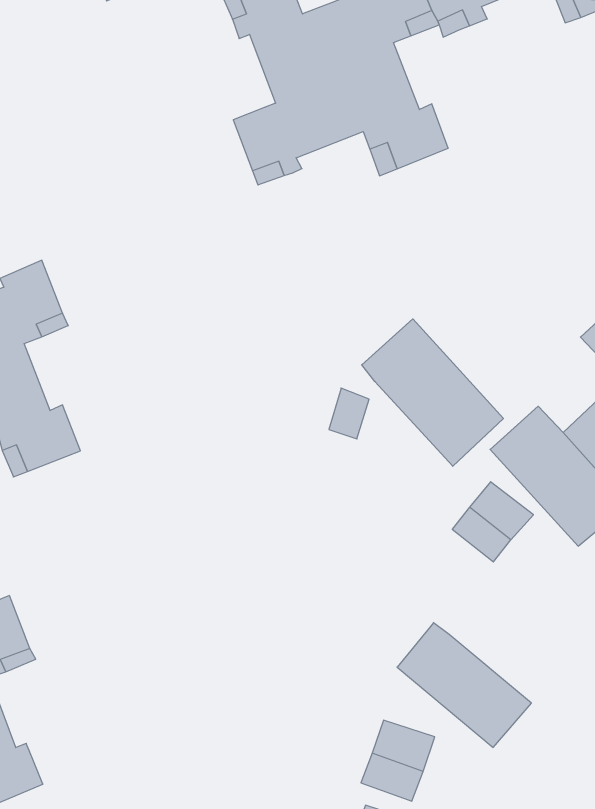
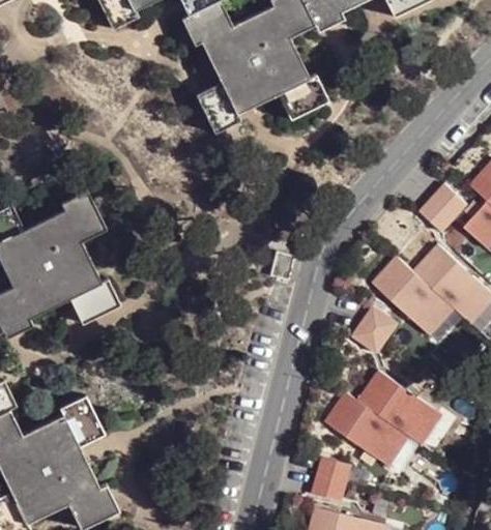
building: [362,319,503,466] -> none
building: none -> [355,367,441,443]

